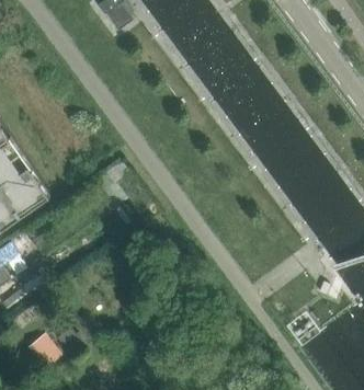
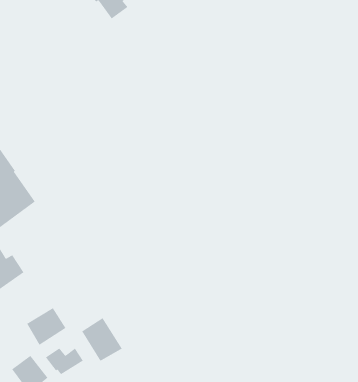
building: none -> [26,307,67,346]
building: none -> [81,317,123,362]

